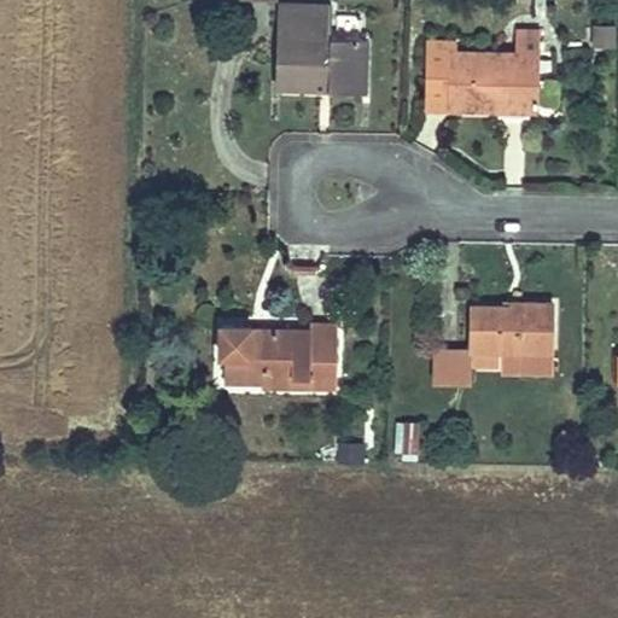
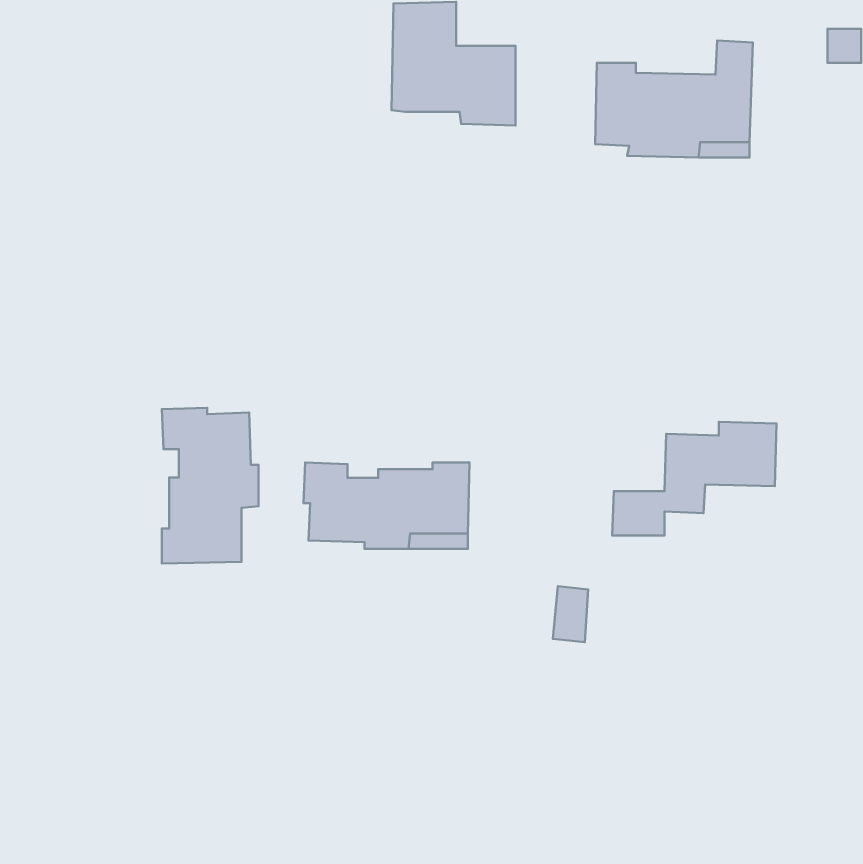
building: none -> [162,408,259,564]
building: [501,345,552,369] -> none

